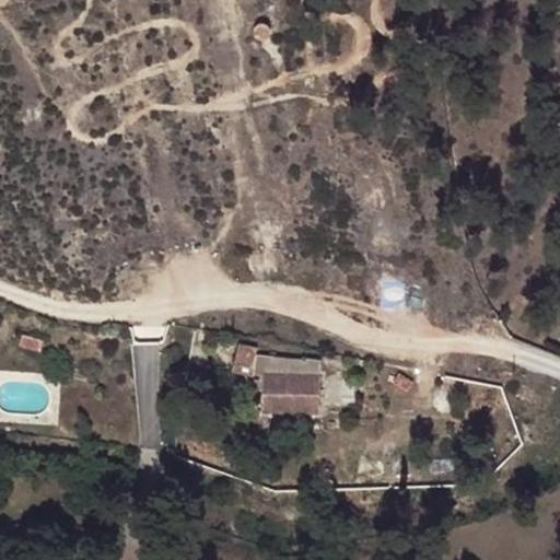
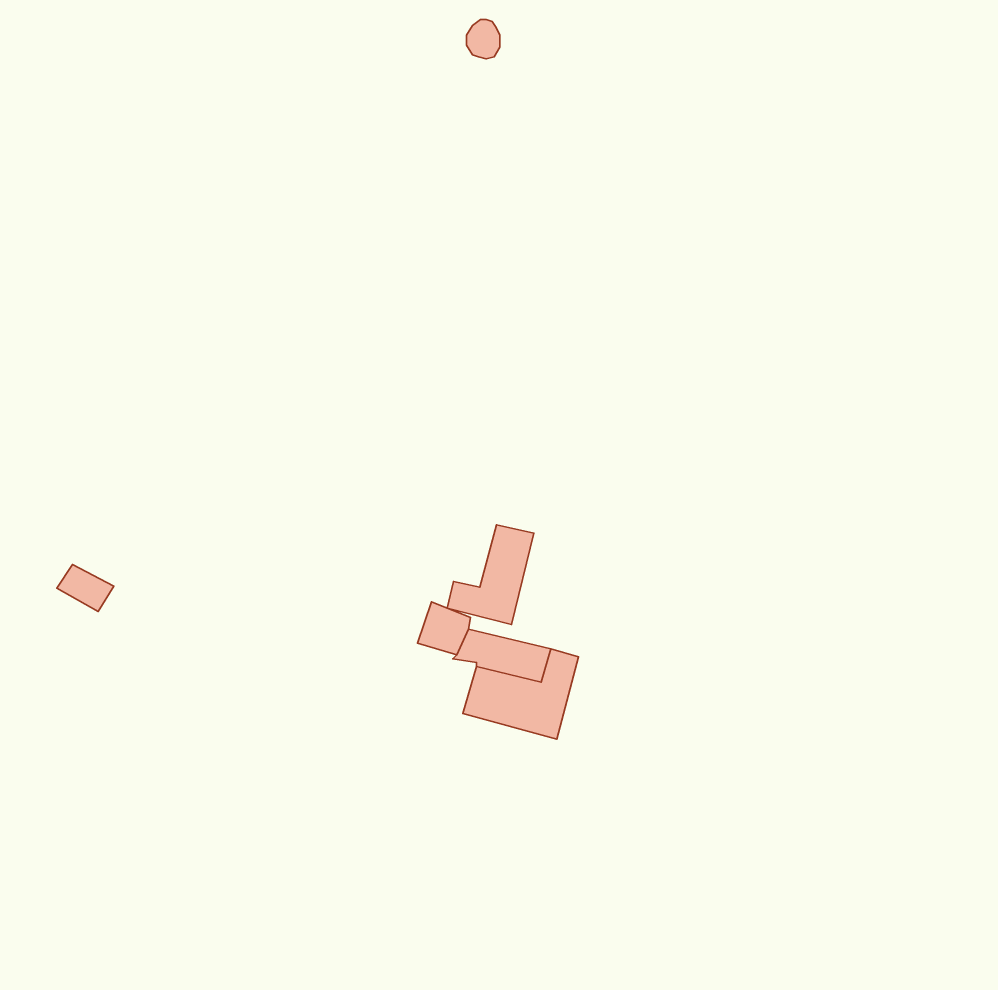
building: none -> [447,525,534,624]

